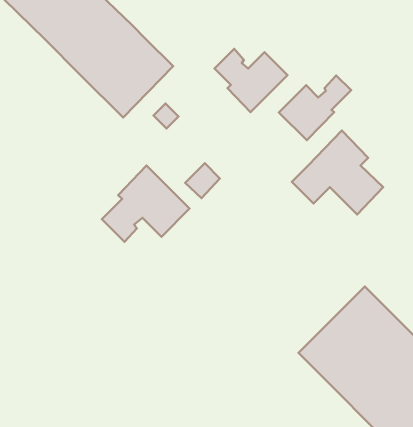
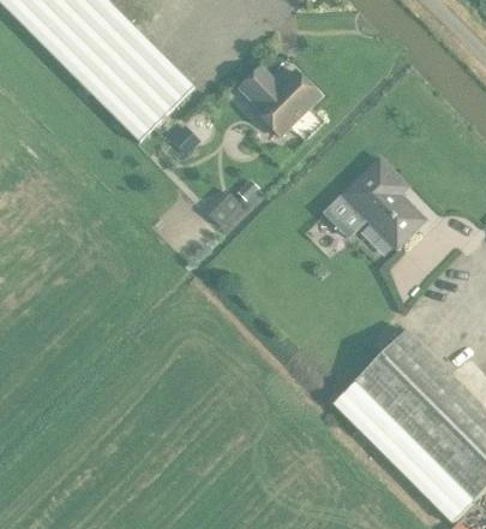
building: [279,76,351,140] -> none
building: [102,165,190,242] -> none

